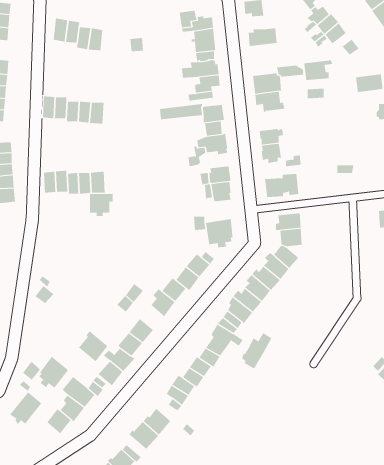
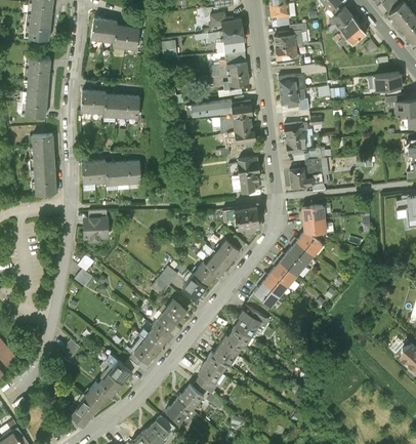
building: [303,60,333,81] -> [275,43,302,63]
building: [89,193,113,216] -> [84,218,107,240]
building: [78,331,108,362] -> none
building: [241,332,272,369] -> none
building: [38,356,69,388] -> none
building: [9,392,42,425] -> [68,398,98,430]

